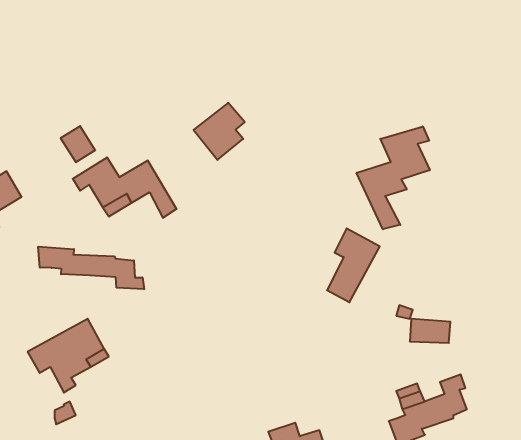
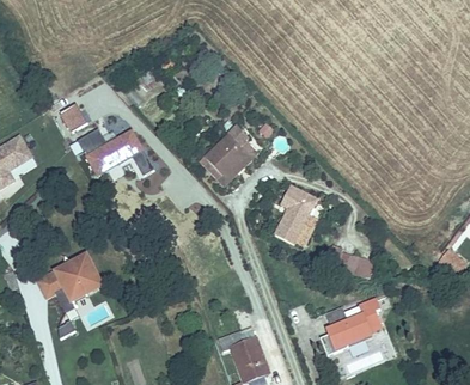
building: [194,103,245,160] -> [205,134,245,179]
building: [357,126,430,229] -> none
building: [38,247,144,289] -> none

